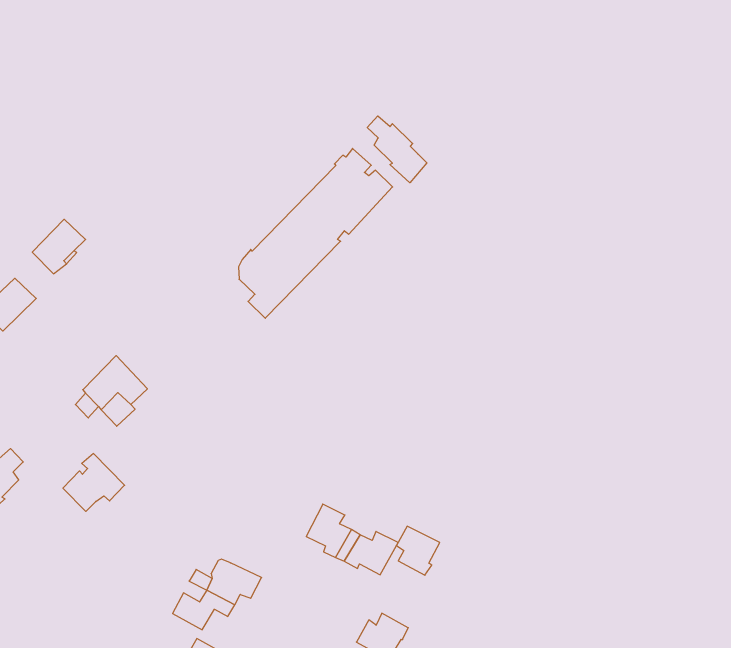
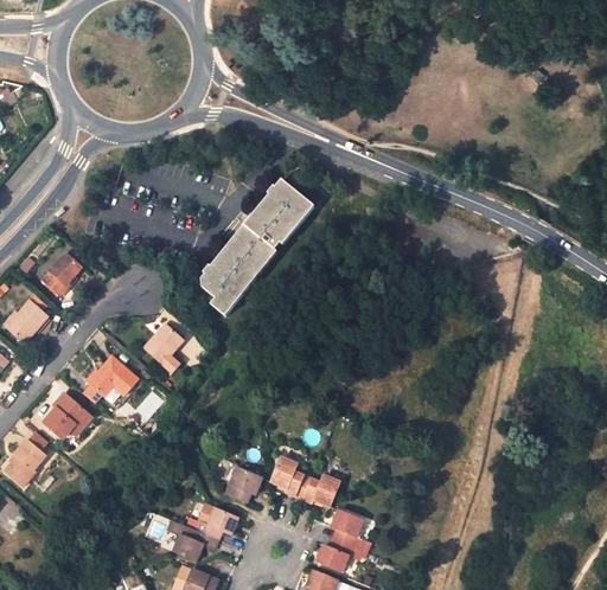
building: [367,116,427,183] -> none
building: none -> [143,323,183,373]
building: [63,454,125,511] -> [43,393,90,438]
building: none -> [224,467,261,502]
building: [396,526,440,575] -> [330,509,363,546]

